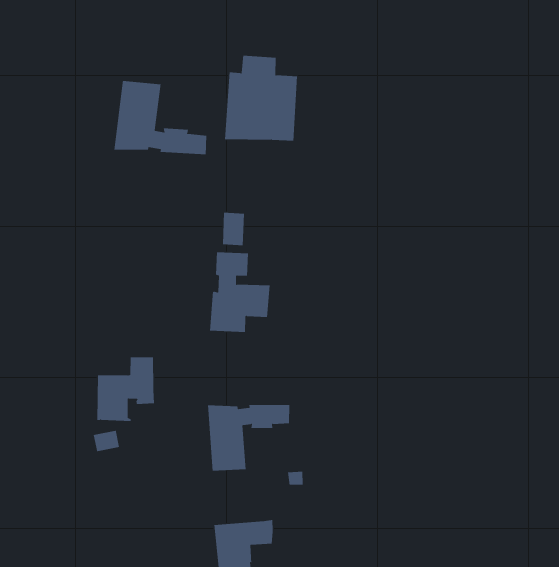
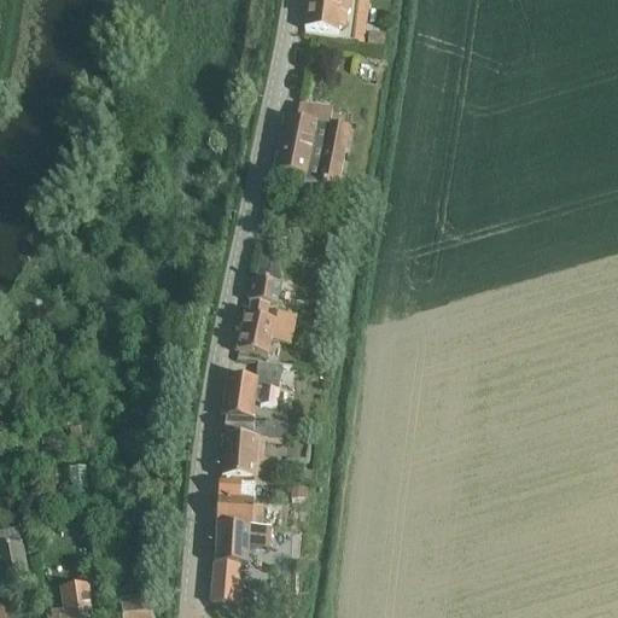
building: [114,80,207,155] -> none
building: [97,357,155,421] -> [221,358,280,416]
building: none -> [216,477,262,523]

